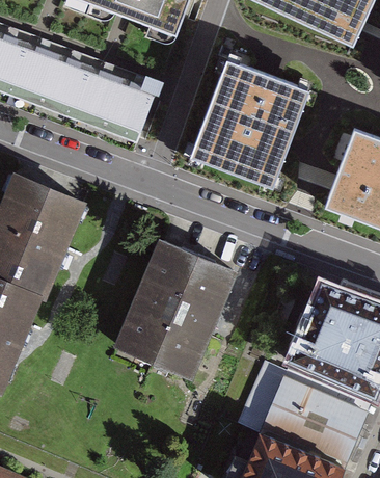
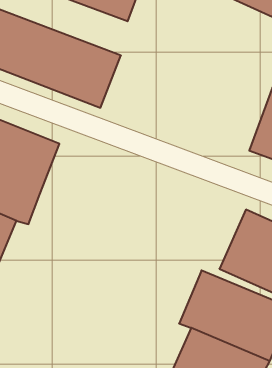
building: [191,62,308,188] -> none
building: [116,241,230,375] -> none

